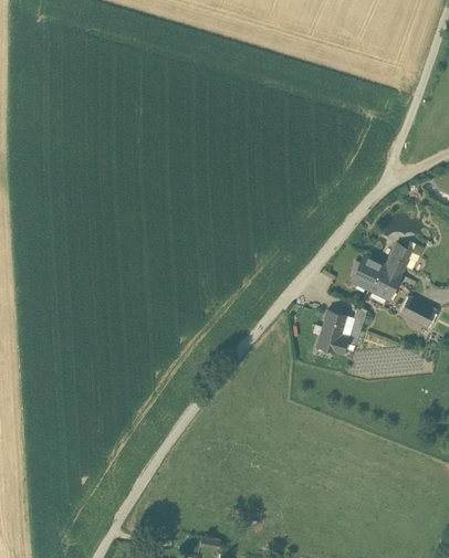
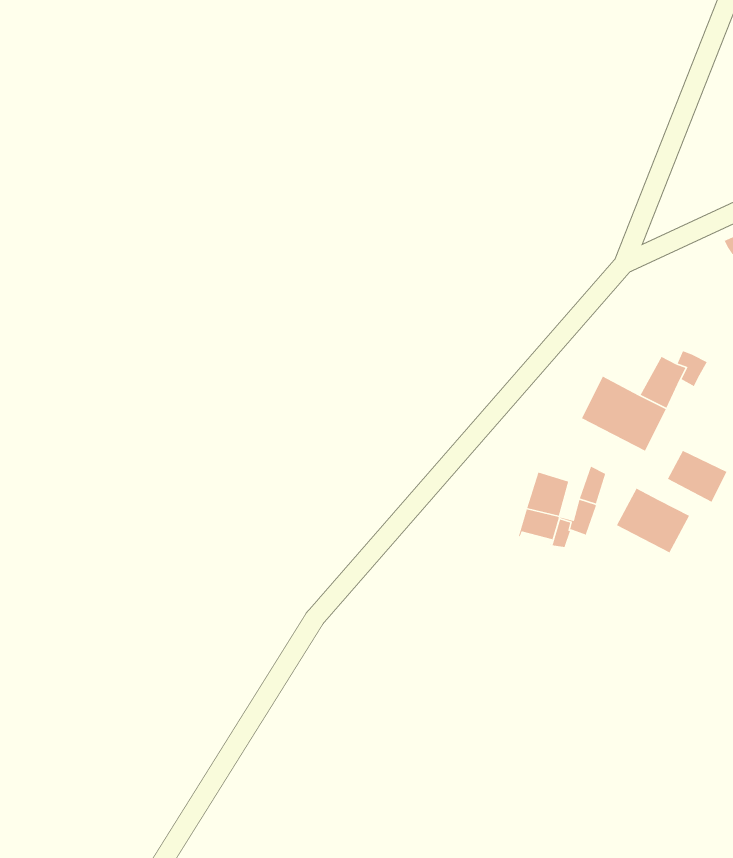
building: none -> [616,487,690,554]

